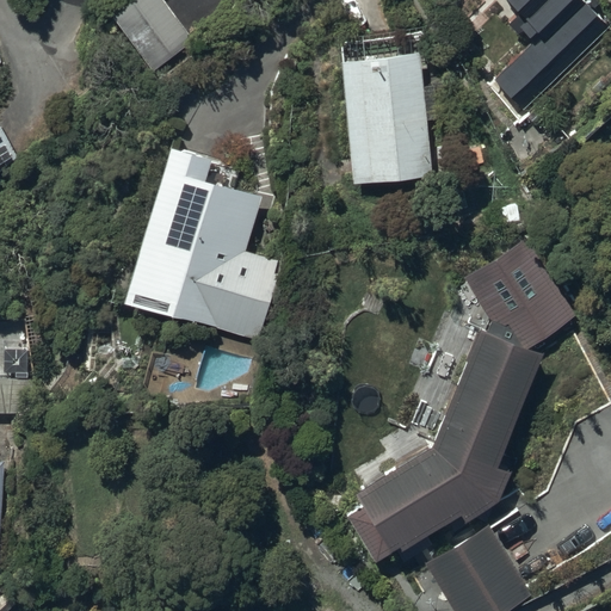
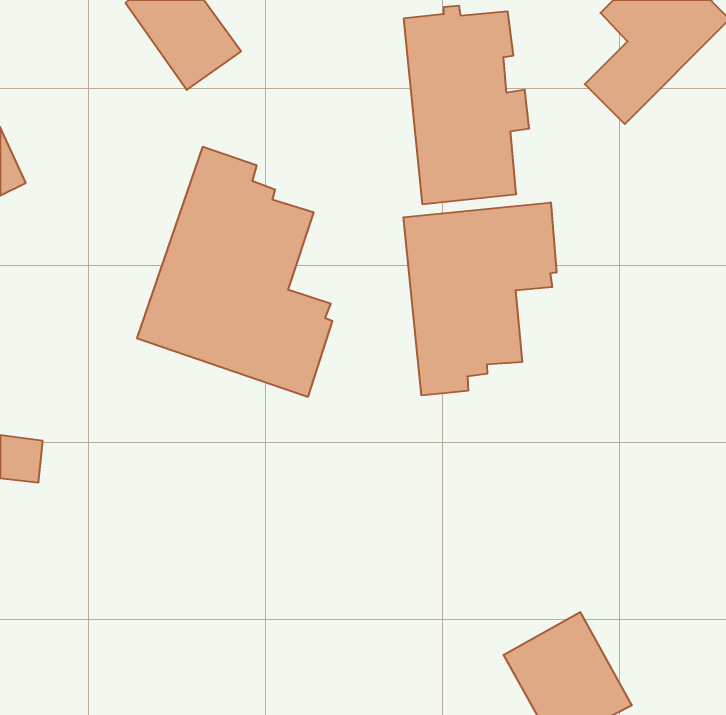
building: none -> [403,202,556,395]
building: [351,246,575,568] -> none

